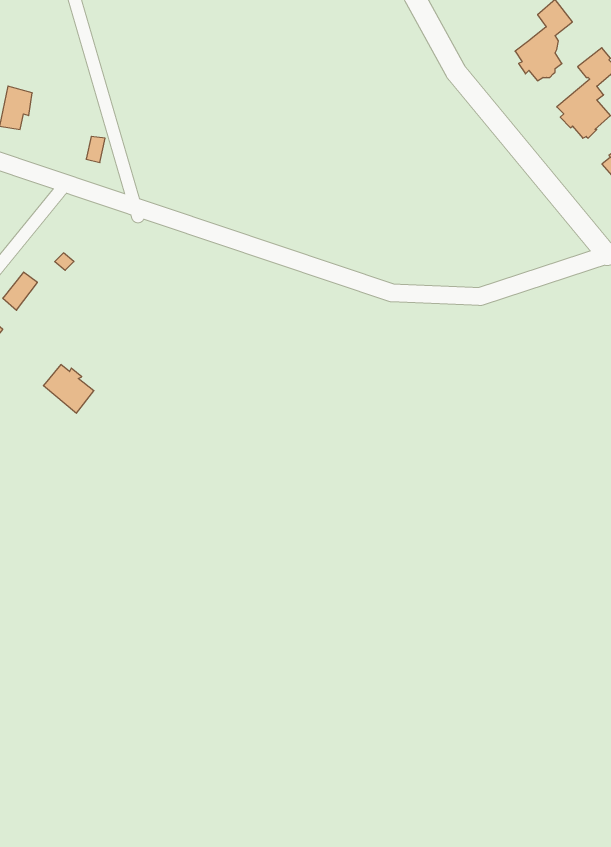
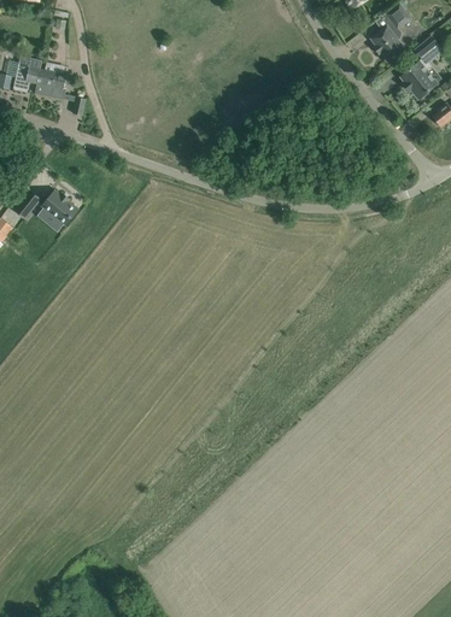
building: none -> [33,67,65,99]
building: [43,365,94,413] -> [42,192,77,225]

